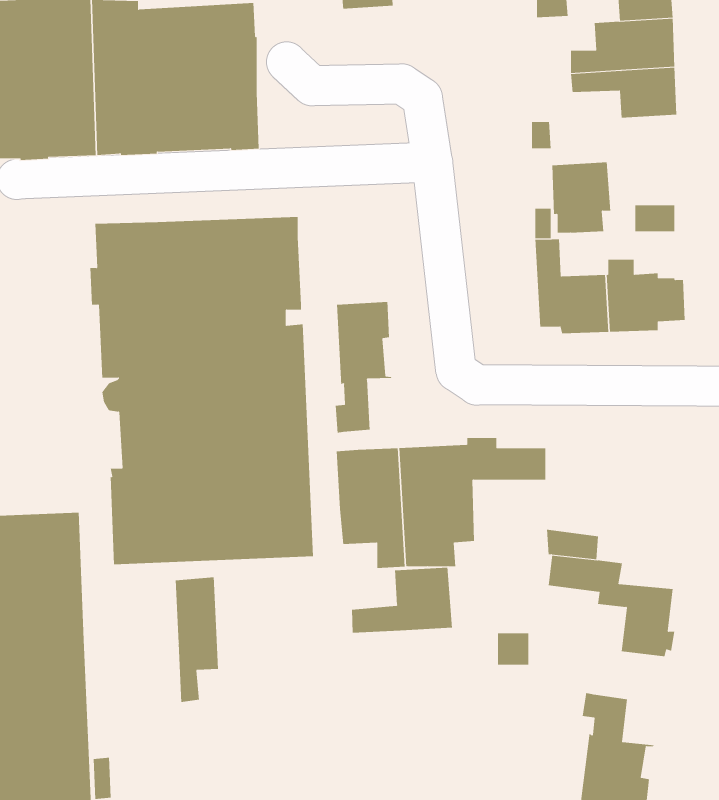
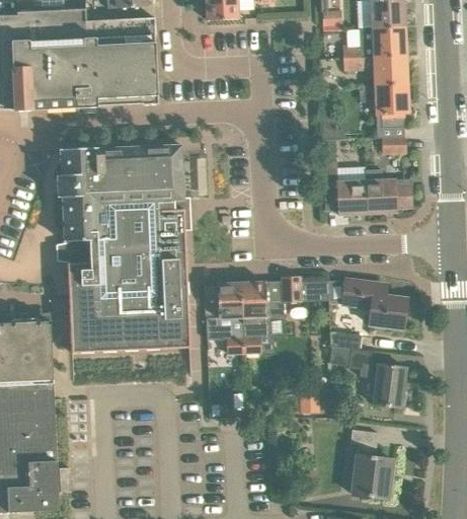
building: [552,162,611,233] -> [373,84,408,127]
building: [335,301,392,434] -> none
building: none -> [328,279,406,328]
building: [351,567,453,634] -> none
building: [175,576,218,703] -> none

